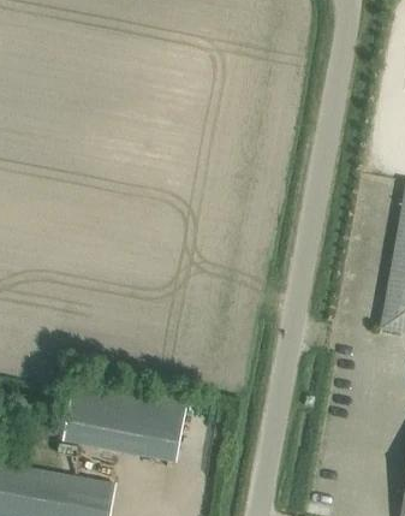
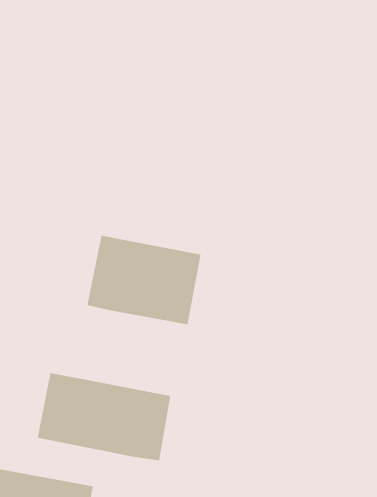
building: none -> [86,235,202,325]

